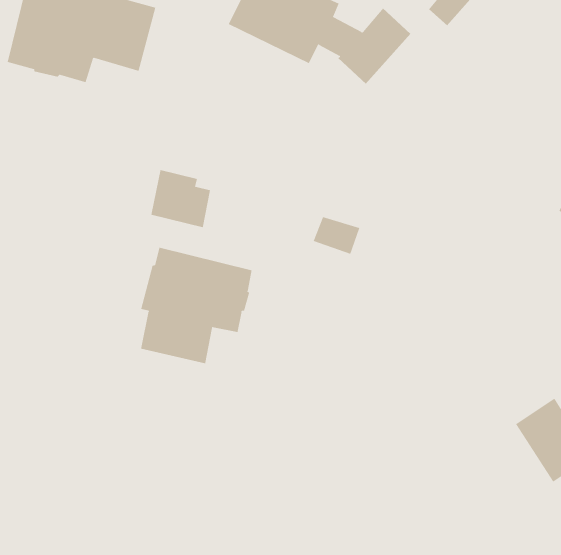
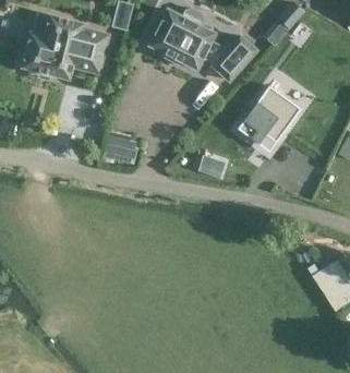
building: none -> [237,85,295,143]
building: [140,247,252,364] -> none

